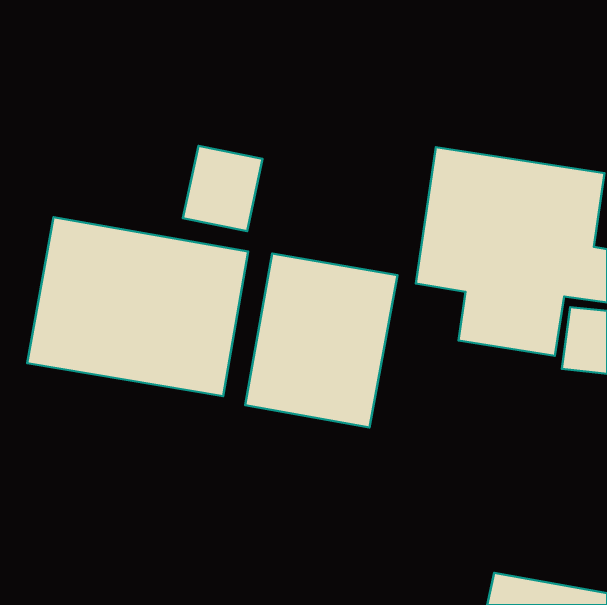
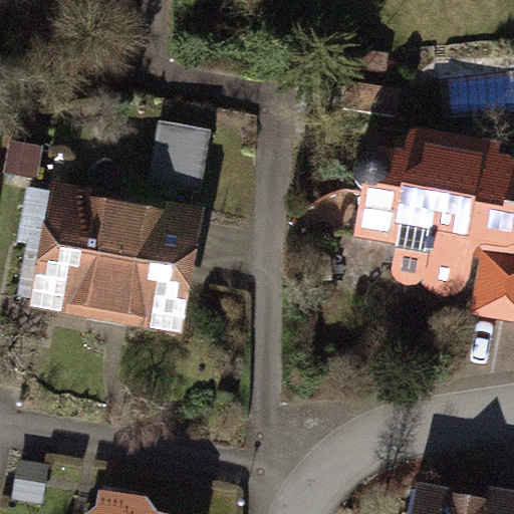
building: [245,253,398,428] -> none

